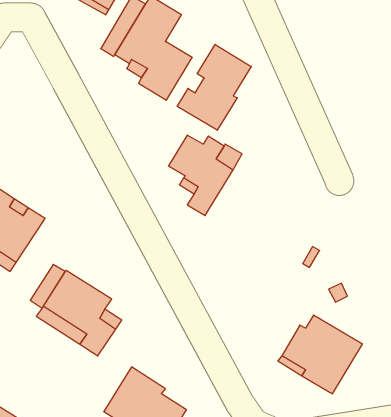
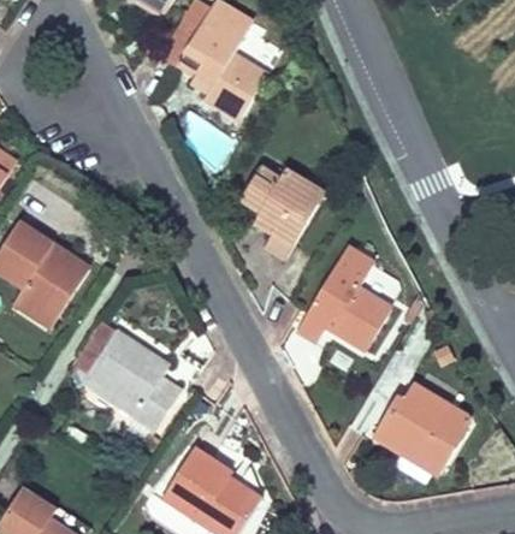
building: [177,44,251,130] -> none
building: none -> [295,243,392,352]

